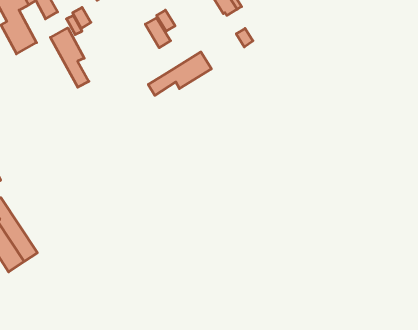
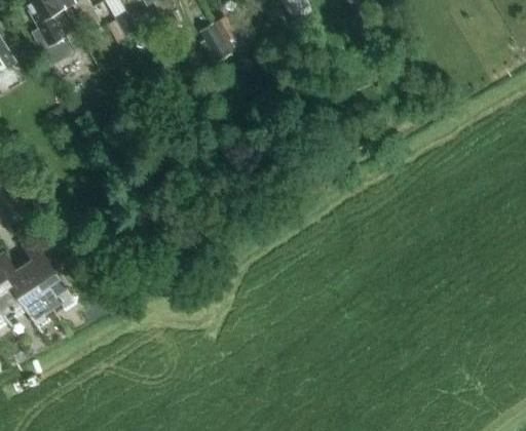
building: [50,28,89,87] -> none
building: [148,52,211,95] -> none

